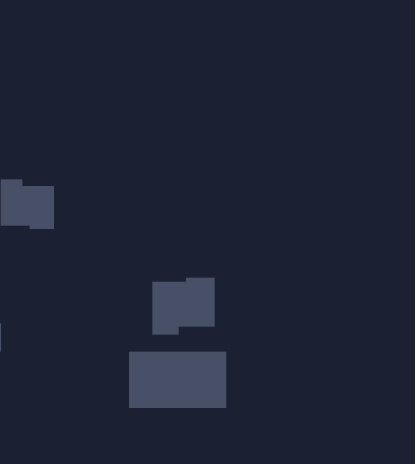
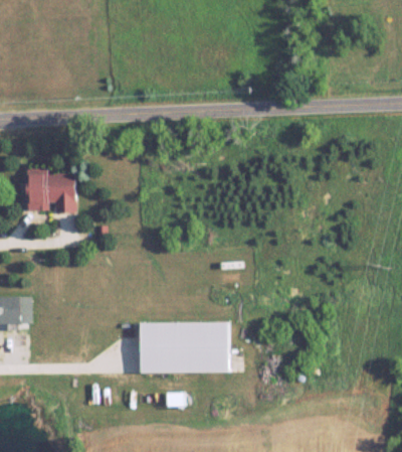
building: [152,277,215,335] -> none

